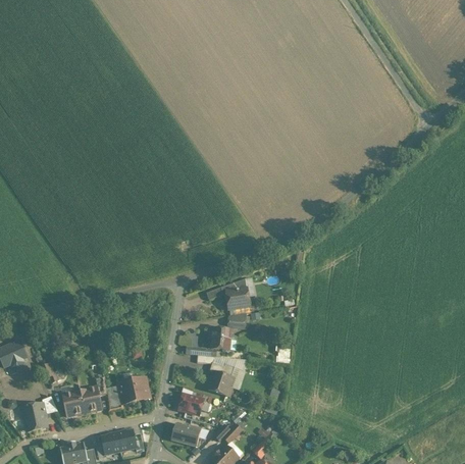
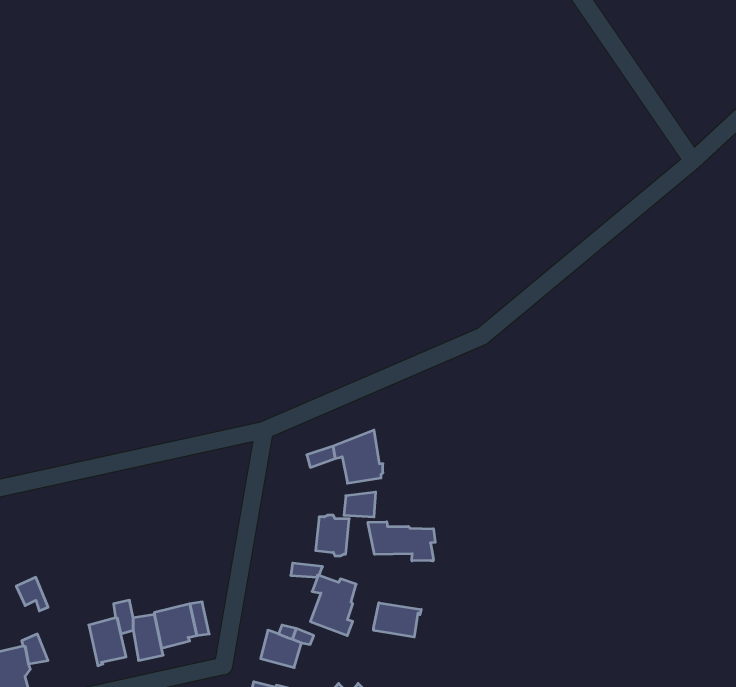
building: none -> [368,522,435,561]
building: none -> [374,603,421,637]
building: [62,391,86,416] -> none

